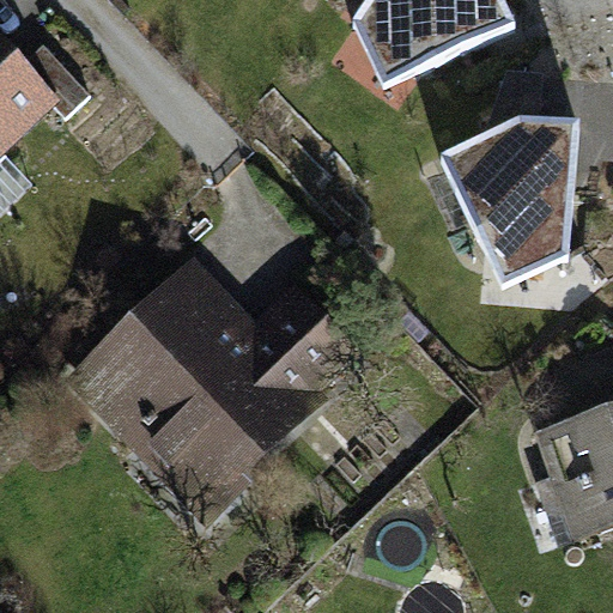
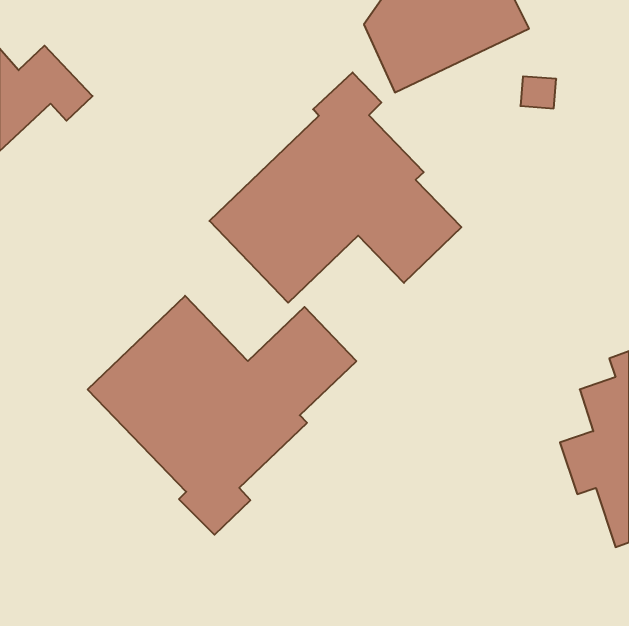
building: none -> [209,72,461,303]
building: [442,122,578,290] -> none

